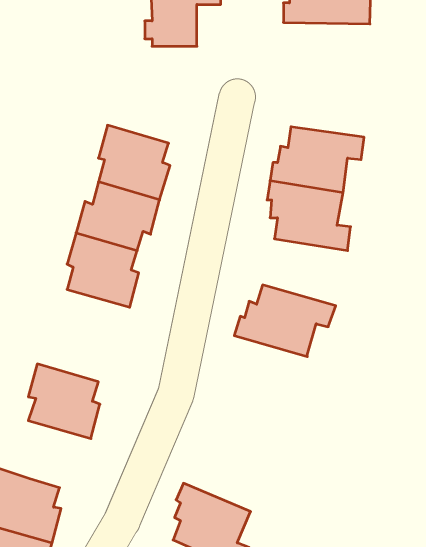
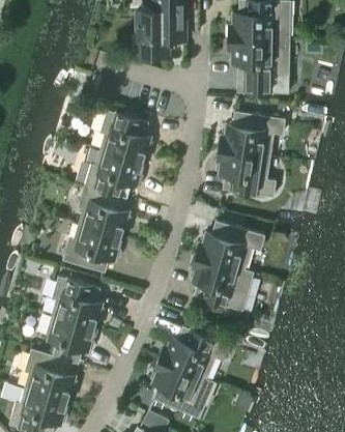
building: none -> [229,39,289,94]
building: none -> [63,225,122,273]
building: none -> [192,257,254,311]
building: none -> [47,316,95,365]
building: none -> [160,326,230,379]

